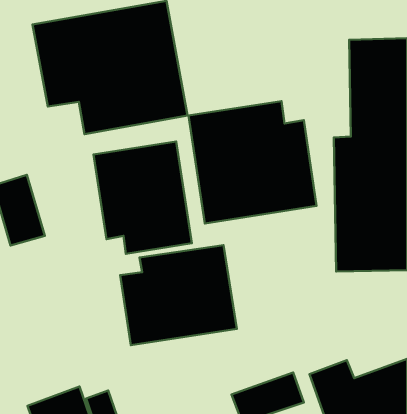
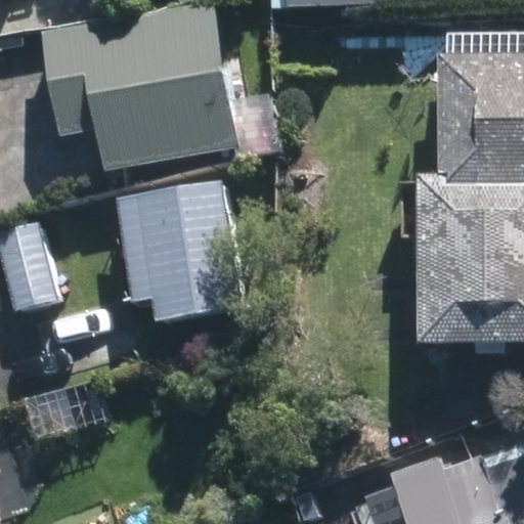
building: [188,101,317,223] -> none
building: [120,245,237,345] -> none

